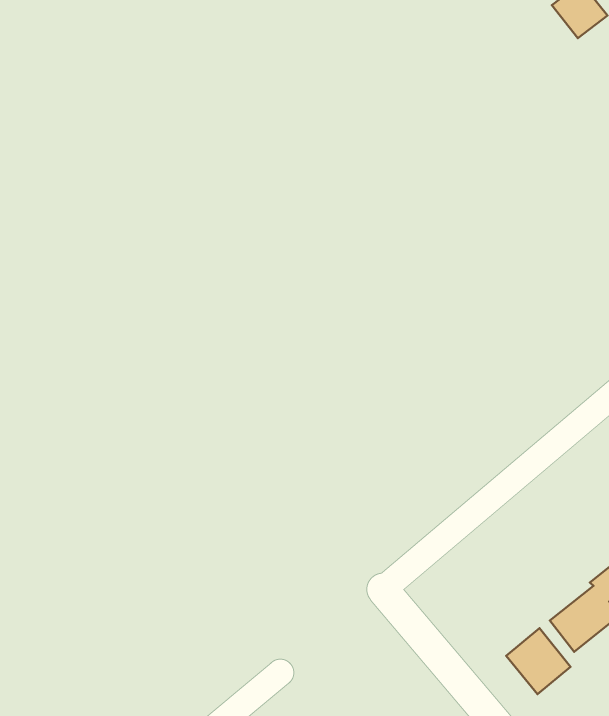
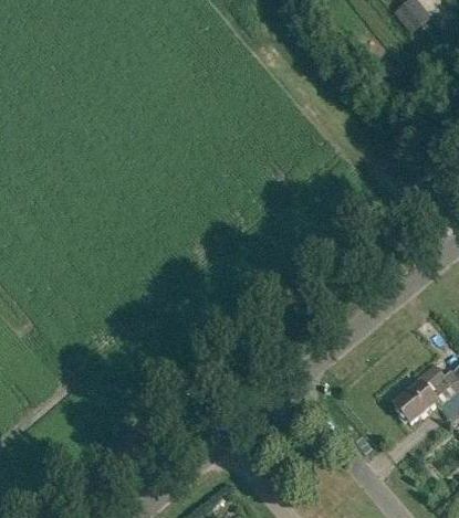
building: [506,628,570,694] -> none

